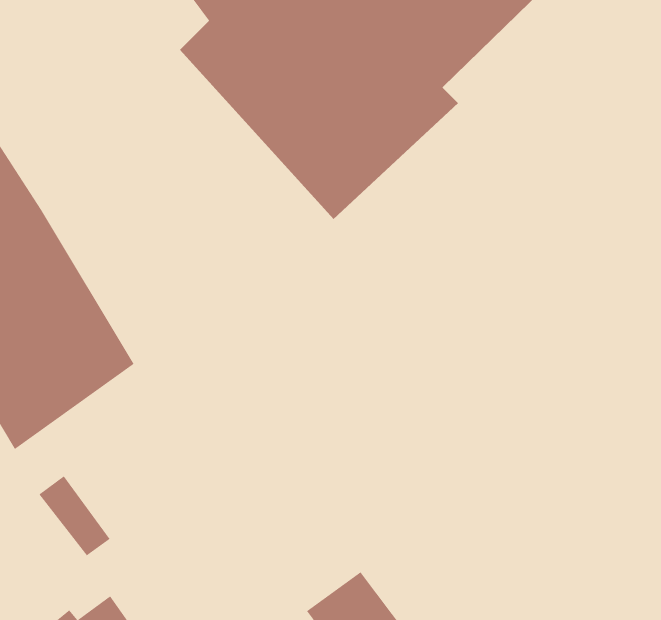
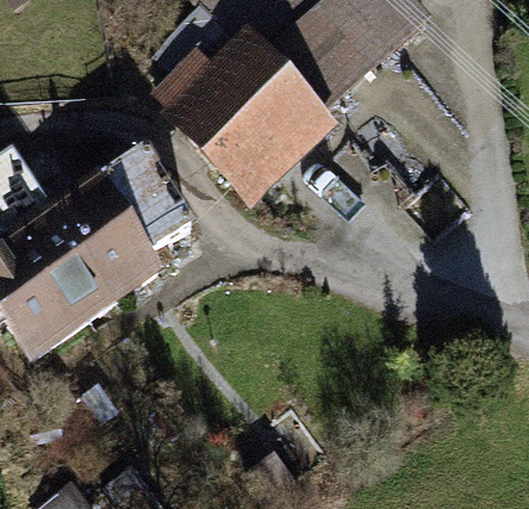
building: none -> [49,138,199,304]

